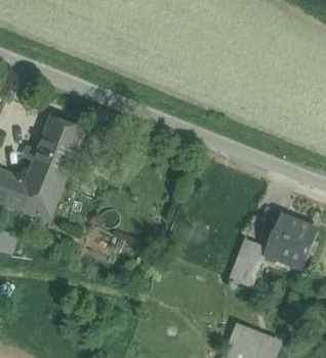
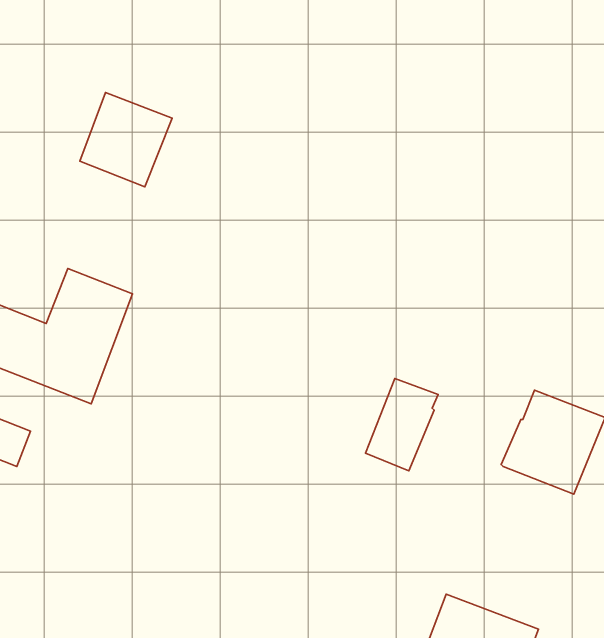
building: [36,116,84,165] -> [80,93,172,187]
building: [228,239,266,287] -> [366,379,438,471]

